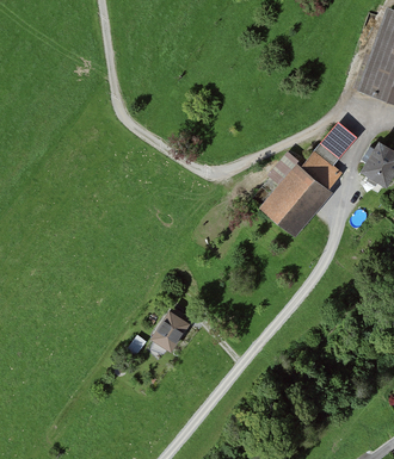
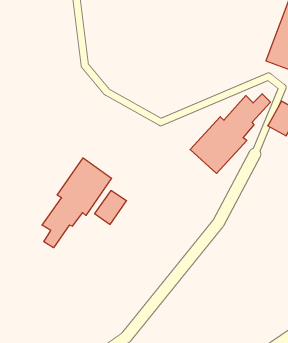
building: none -> [42,158,112,248]
building: [144,310,186,354] -> [95,191,127,224]

